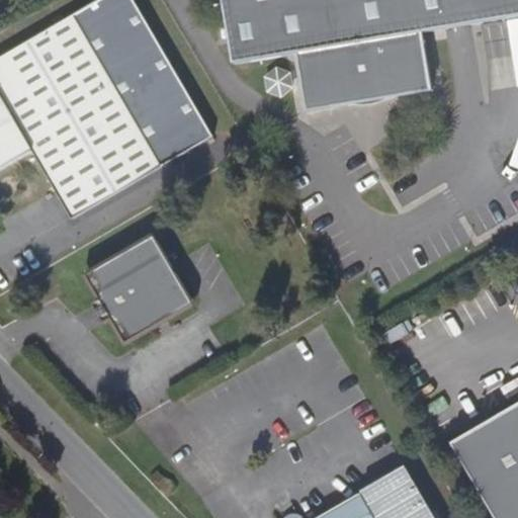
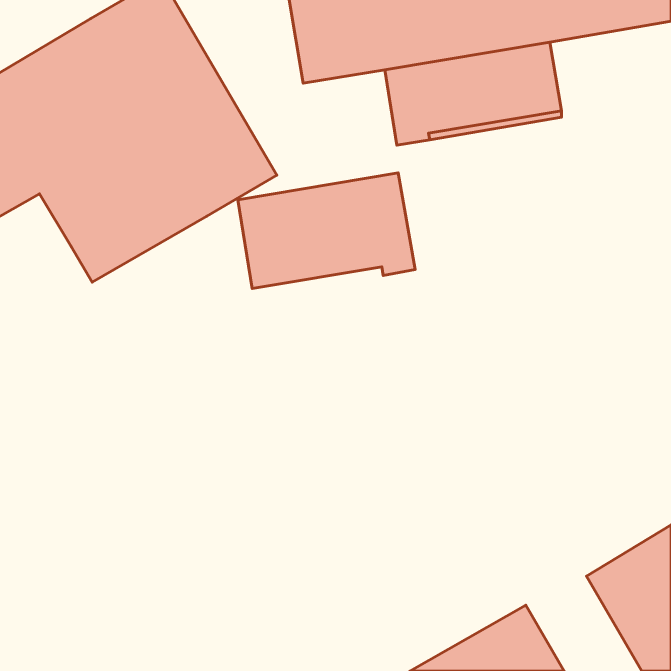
building: none -> [238,173,415,288]
building: [85,235,192,342] -> none

